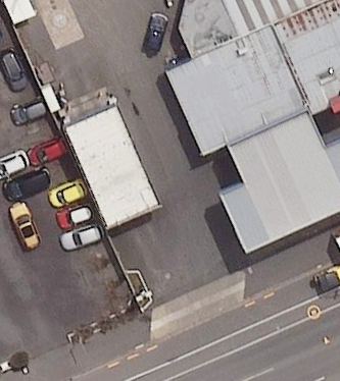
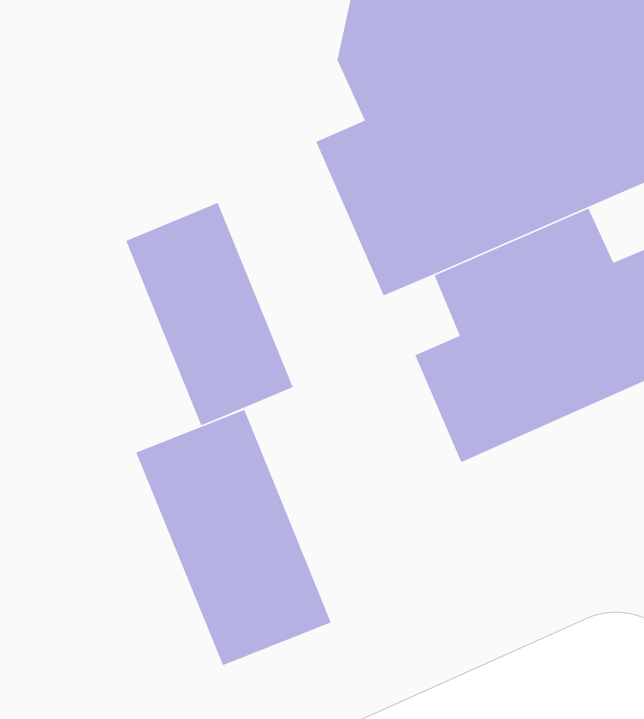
building: none -> [135,409,332,666]

